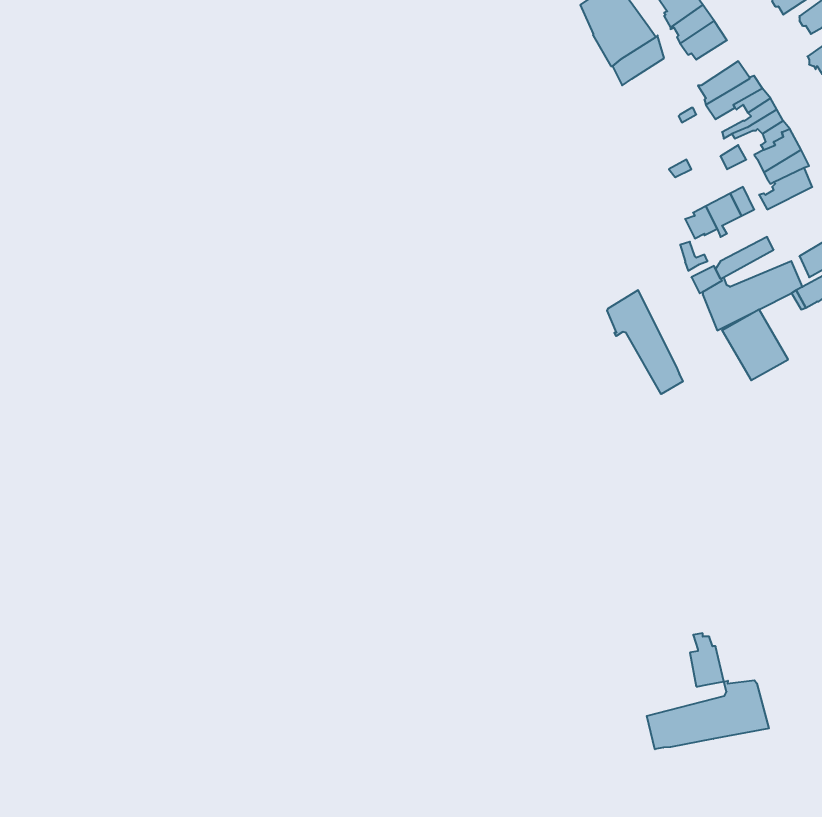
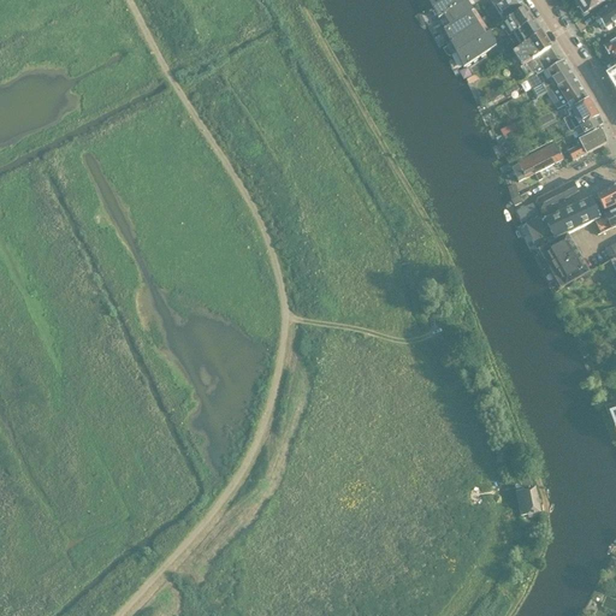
building: none -> [515,30,552,64]
building: [607,290,683,394] -> none
building: [647,680,769,749] -> none

